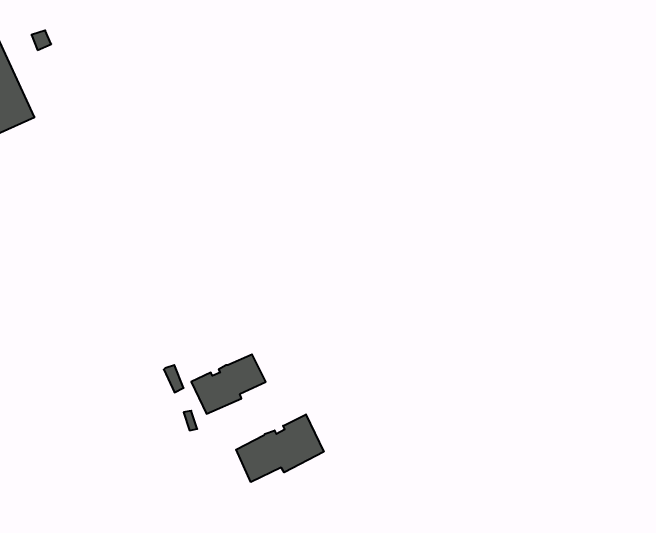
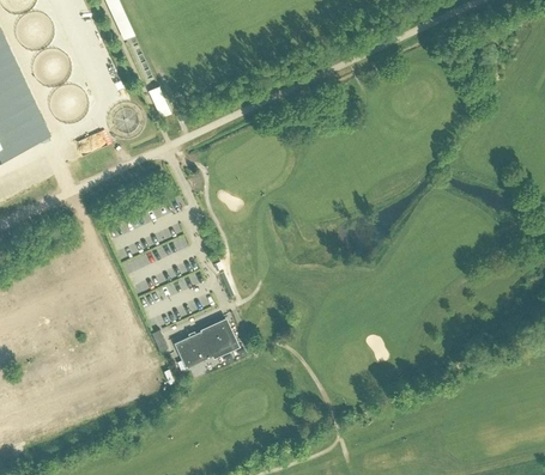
building: [236,414,324,482] -> none

